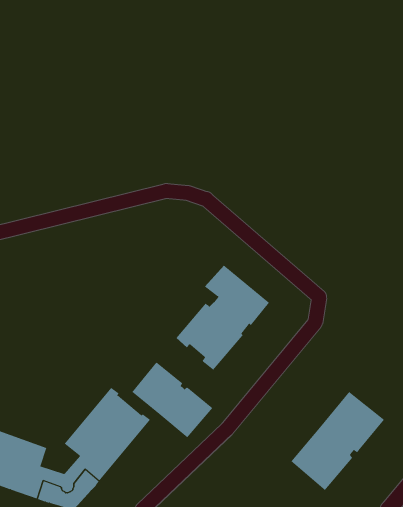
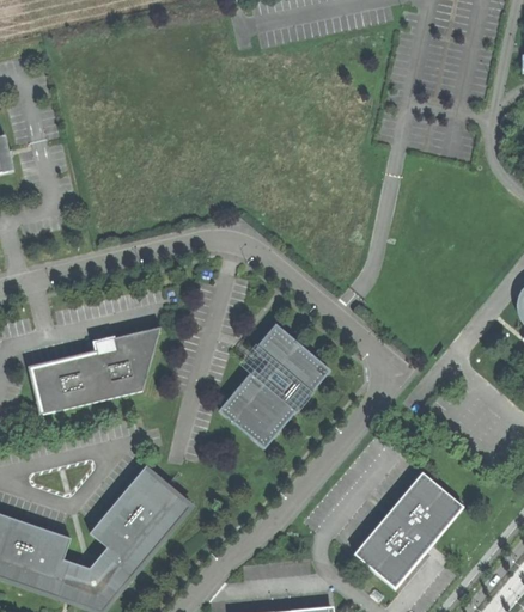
building: none -> [28,325,160,414]
building: [131,361,213,438] -> none

